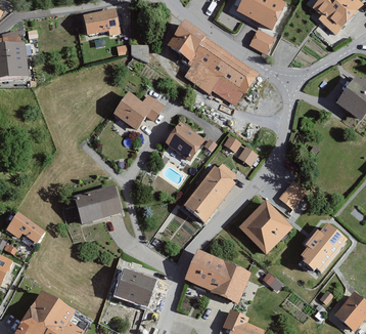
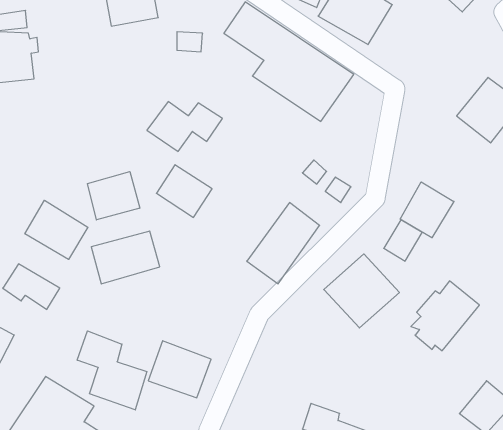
building: [165,123,204,161] -> [156,165,212,217]
building: none -> [88,172,140,220]
building: none -> [400,182,454,238]
building: none -> [25,200,88,259]
building: [181,250,250,304] -> none
building: none -> [77,331,147,410]

